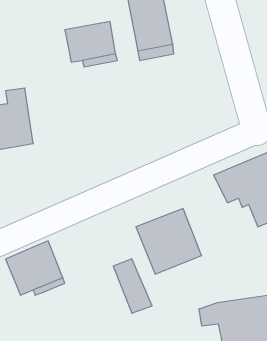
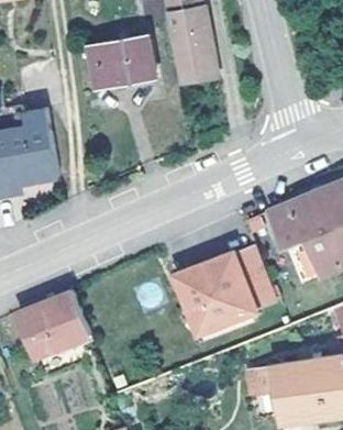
building: [113,259,152,313] -> [229,245,275,310]

